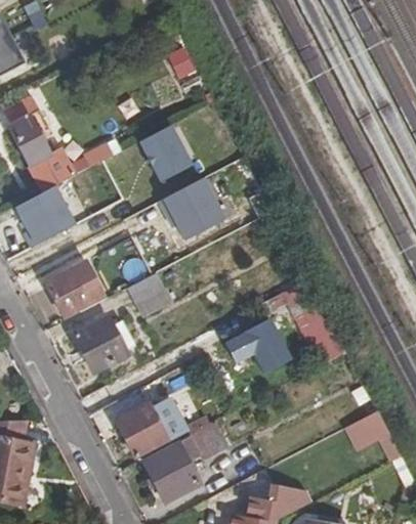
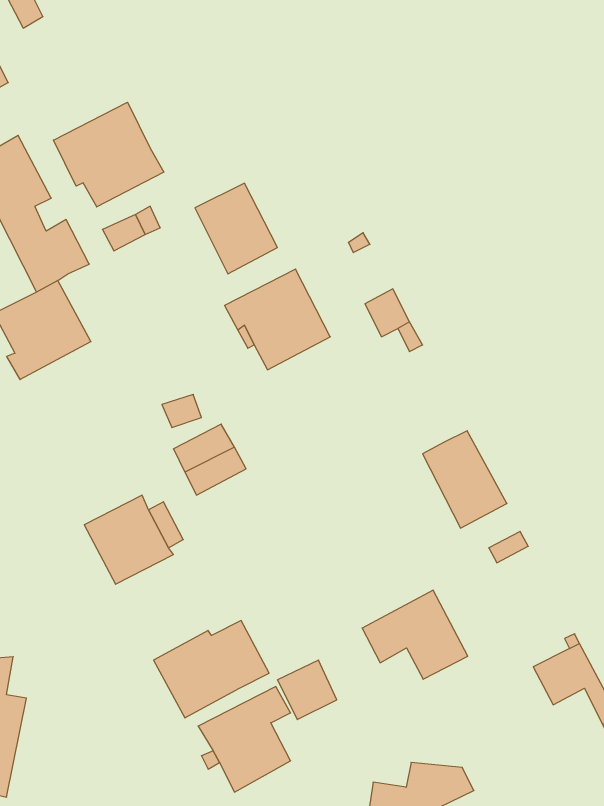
building: none -> [53,102,164,207]
building: [43,261,105,317] -> none
building: [226,317,292,373] -> [362,590,468,679]

